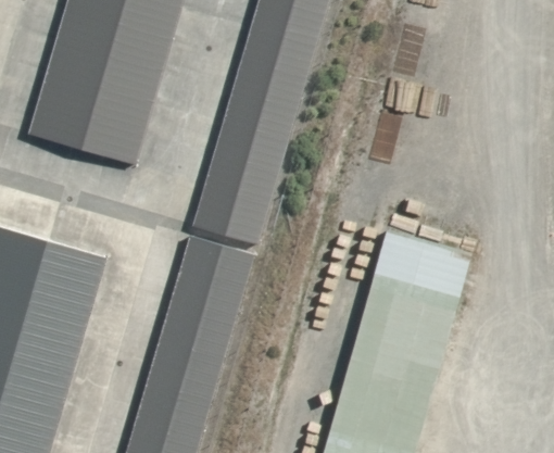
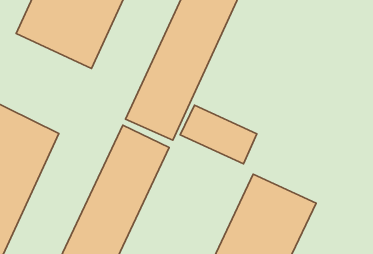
building: [373,232,475,301] -> [180,105,257,164]

